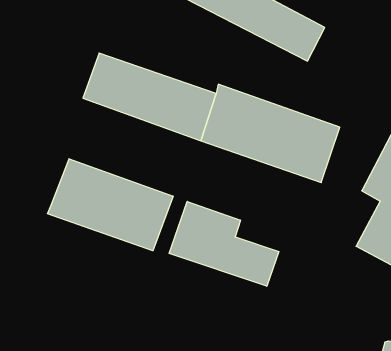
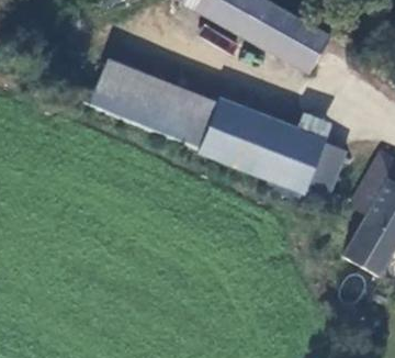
building: [47,159,173,251] -> none
building: [169,201,279,286] -> none

